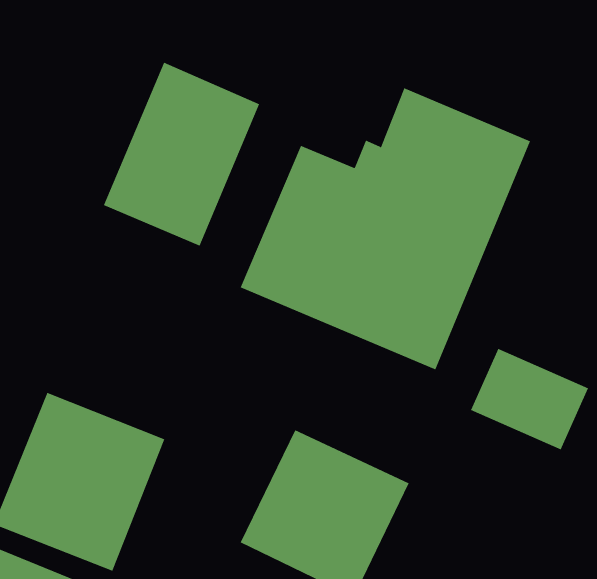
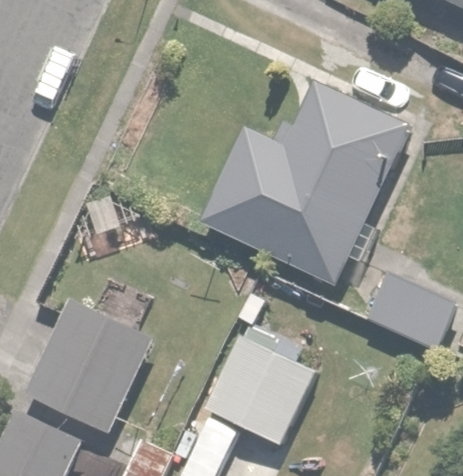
building: [103,62,260,246] -> none

